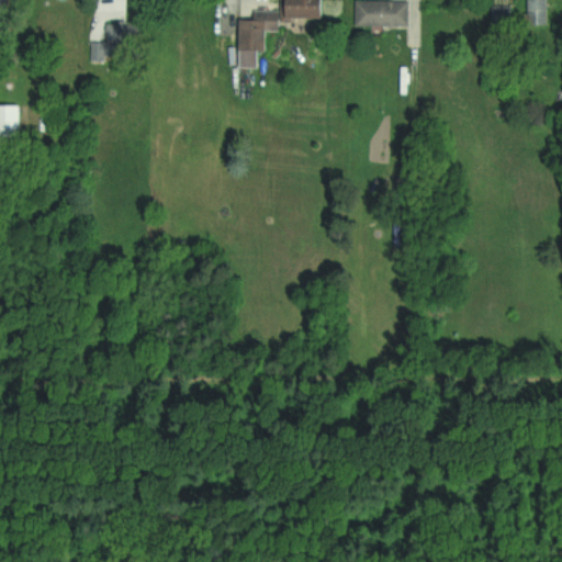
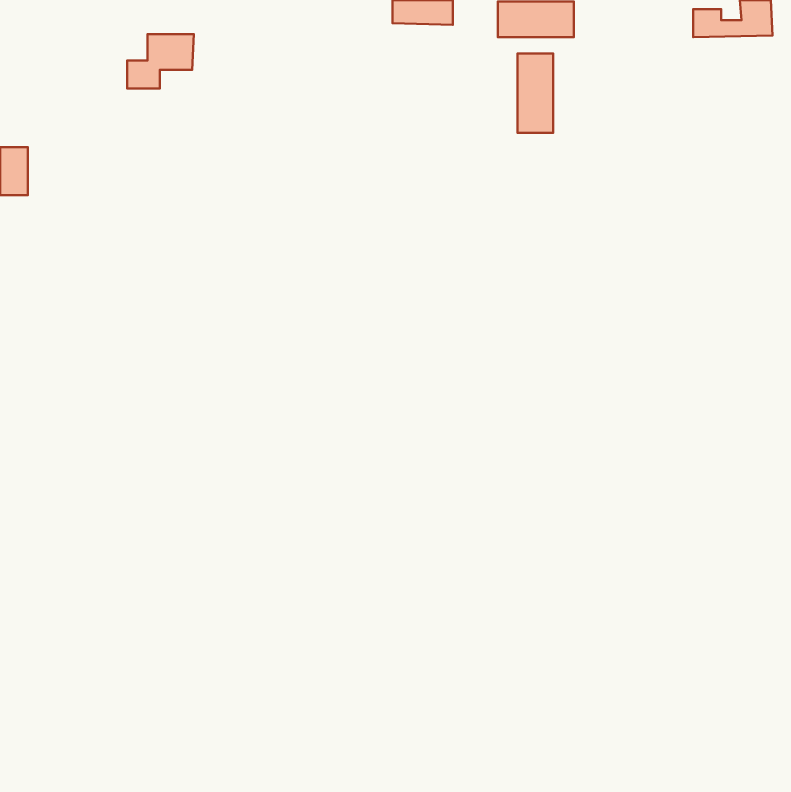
building: [237,11,278,68] -> none
building: none -> [517,54,553,133]

